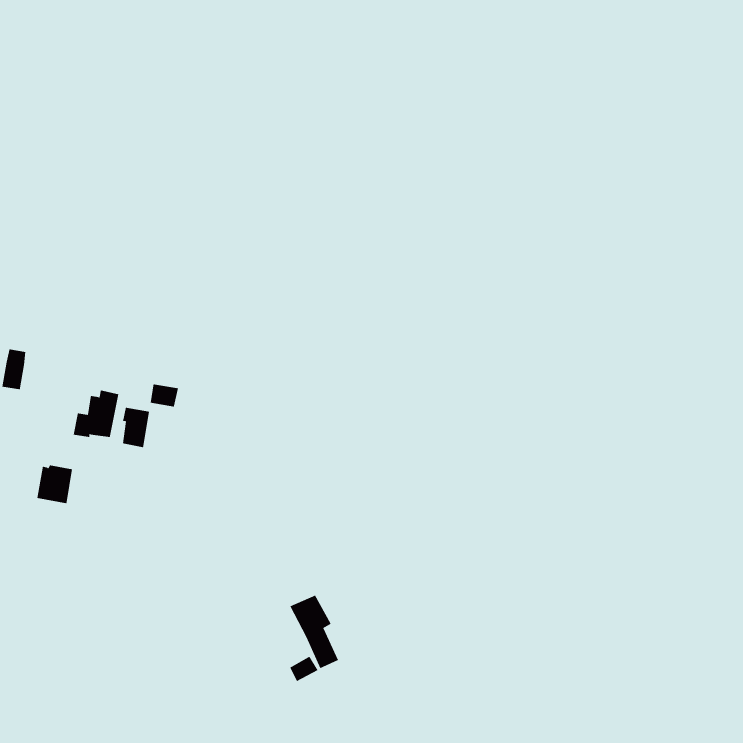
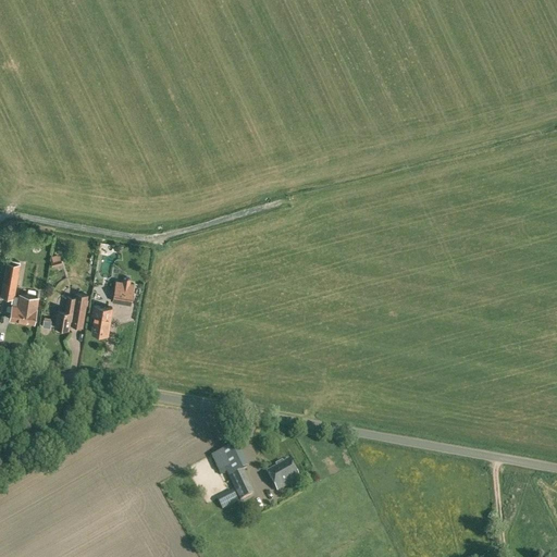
building: [37,465,73,504] -> [10,294,37,323]
building: none -> [267,459,299,492]

